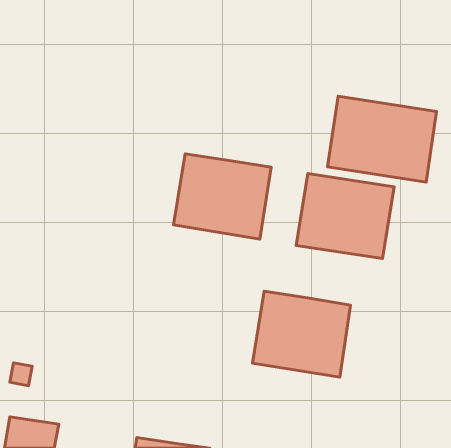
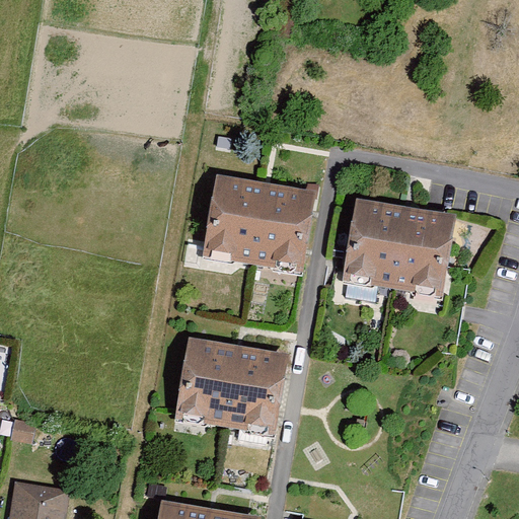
building: [328,96,437,182] -> none
building: [253,291,350,377] -> [173,338,285,436]

